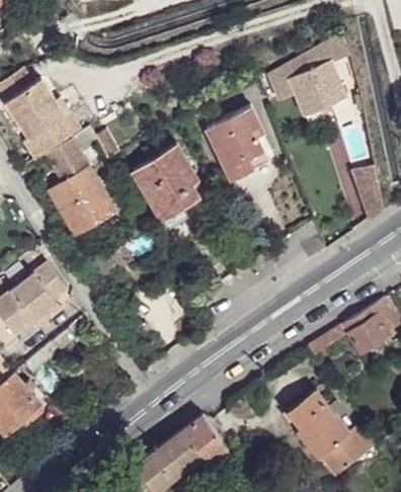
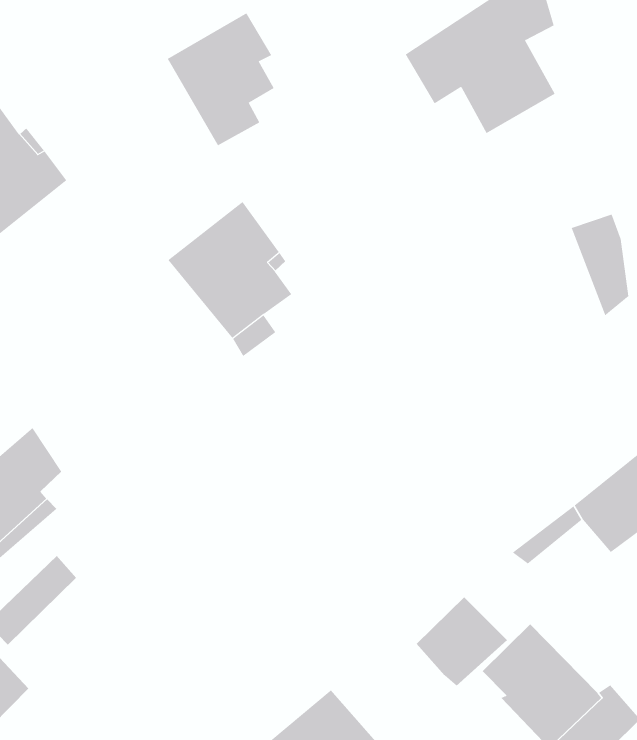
building: [206,108,263,180] -> [167,12,274,146]
building: [47,140,114,235] -> none
building: none -> [416,597,508,686]

